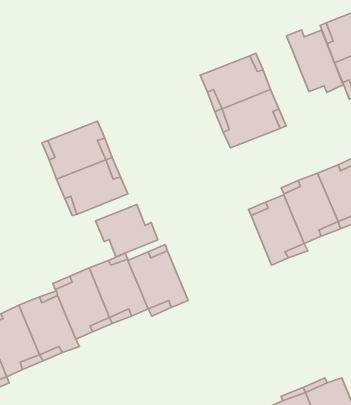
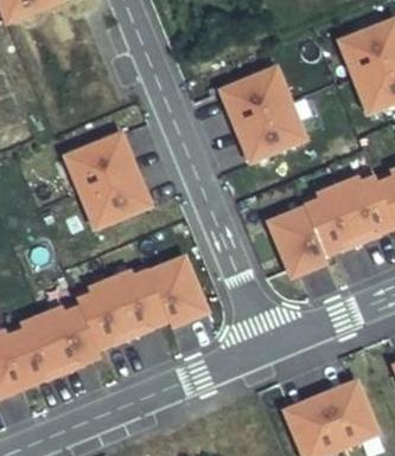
building: [287,30,343,92] -> none
building: [96,205,158,257] -> none

